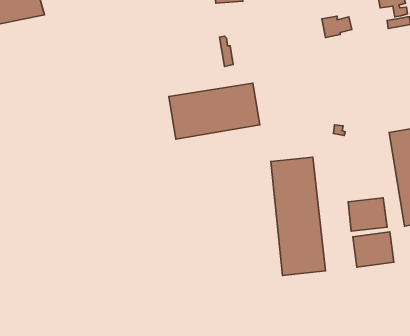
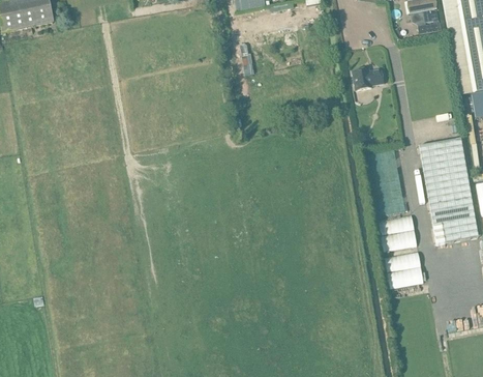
building: [322,16,352,37] -> [353,67,385,90]
building: [169,83,260,139] -> none
building: [271,157,326,275] -> none

